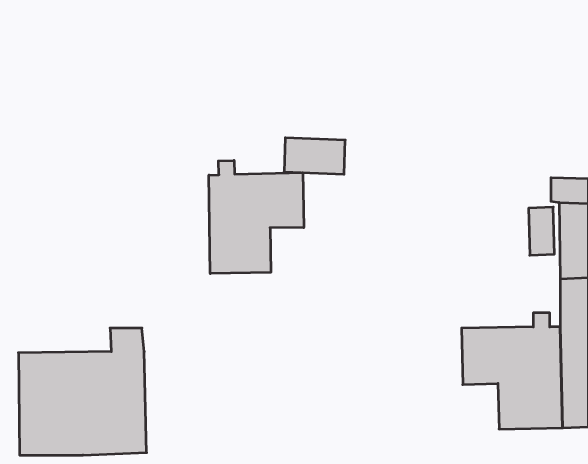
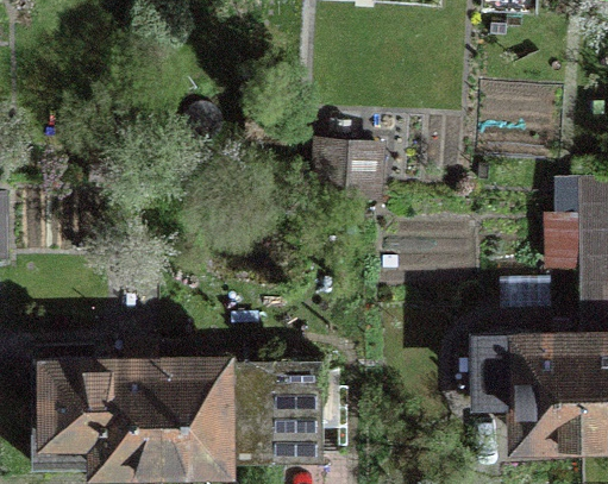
building: [209,160,304,274] -> none
building: none -> [158,346,322,467]

